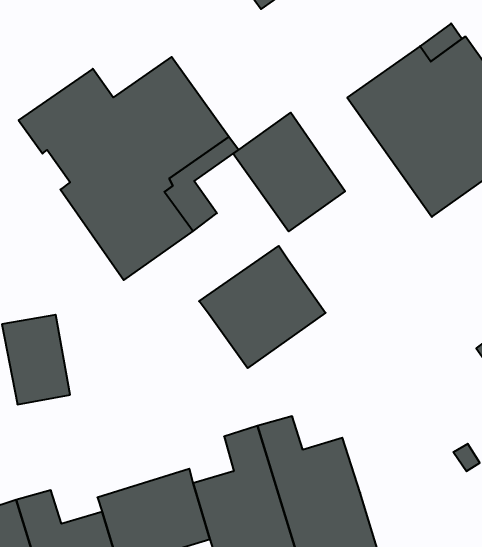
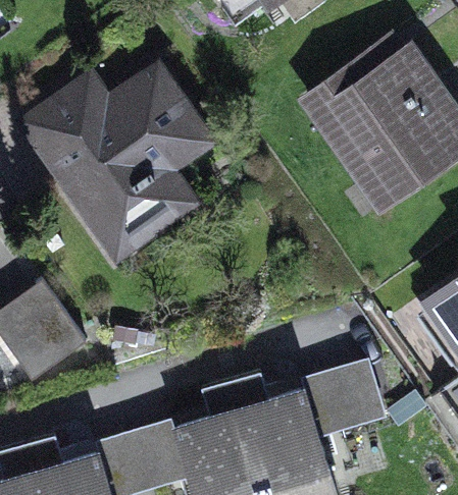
building: [233,113,345,231] -> none
building: [199,246,326,368] -> none
building: none -> [300,358,387,438]

